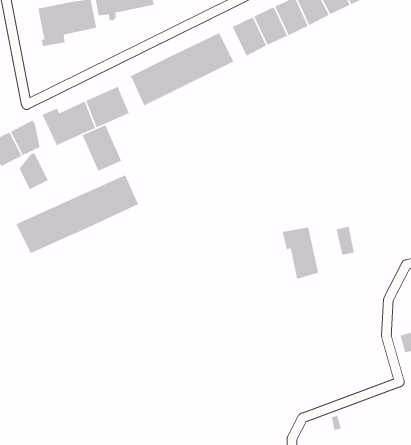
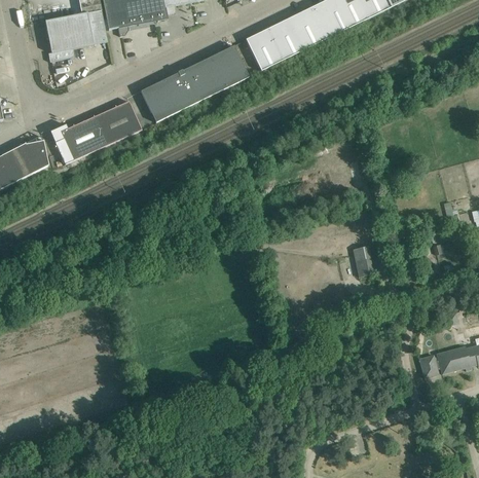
building: [81,124,122,172] -> none
building: [19,152,49,190] -> none
building: [15,174,139,254] -> none
building: [282,226,319,280] -> none

